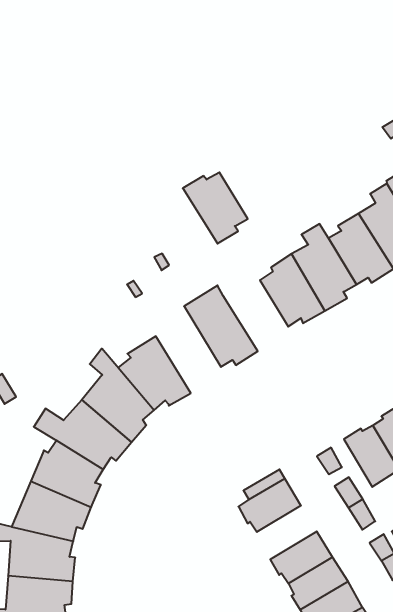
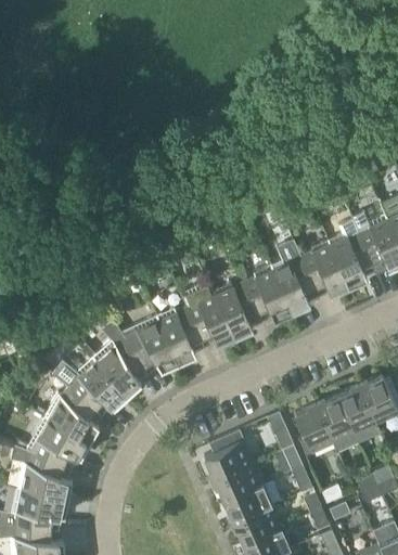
building: [183,172,248,244] -> [213,282,260,337]
building: none -> [156,307,204,363]
building: none -> [216,462,262,501]

